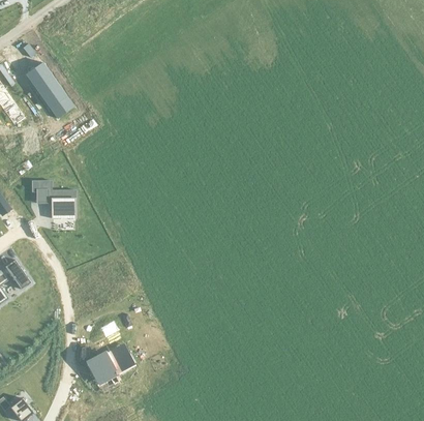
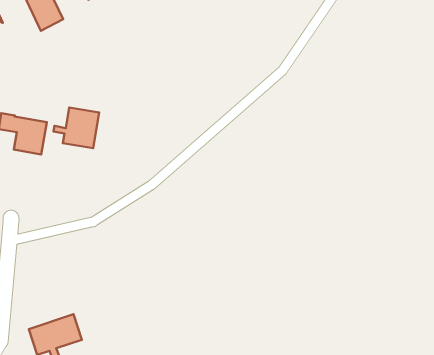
building: none -> [53,108,99,148]

